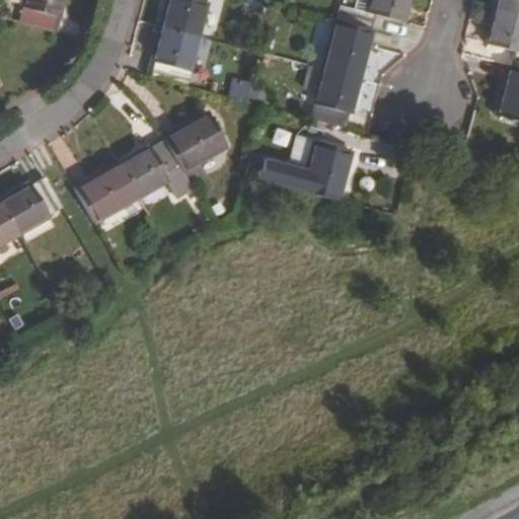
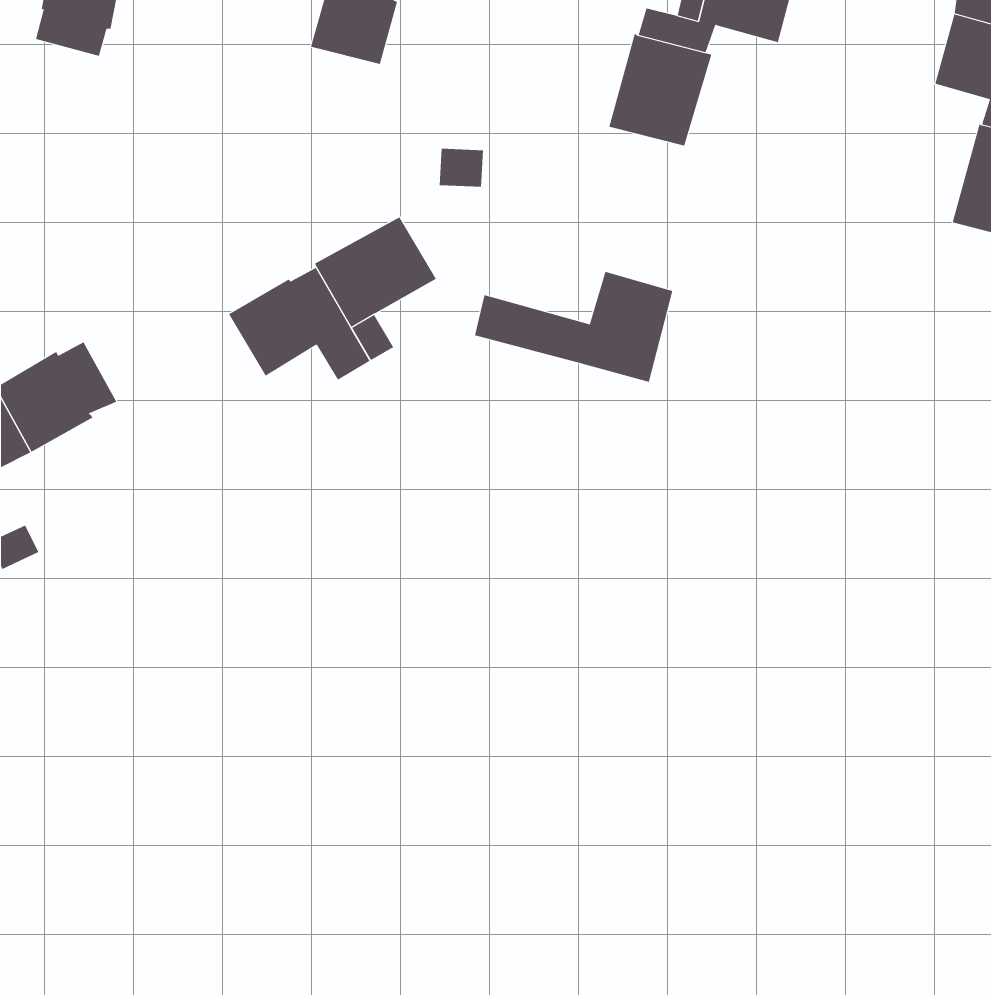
building: [152,24,201,83] -> none
building: [307,66,359,125] -> none
building: [77,163,141,220] -> none

